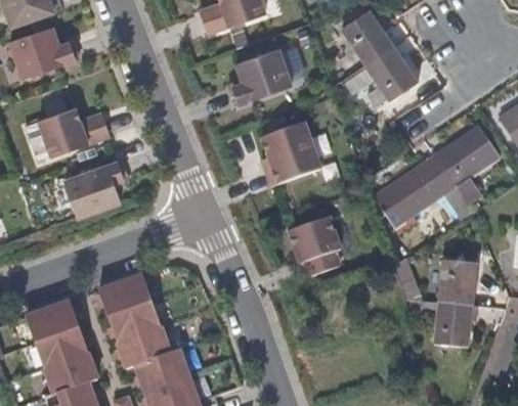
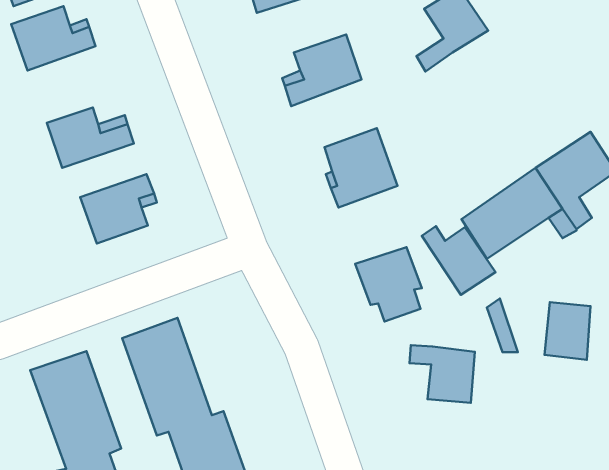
building: [364,46,417,105] -> none
building: none -> [422,226,495,295]
building: [420,304,472,350] -> [409,345,475,403]

